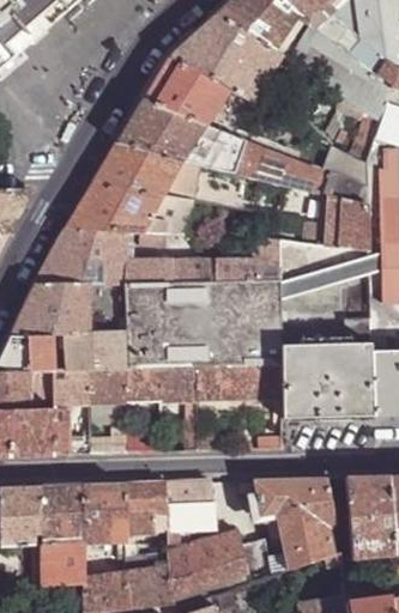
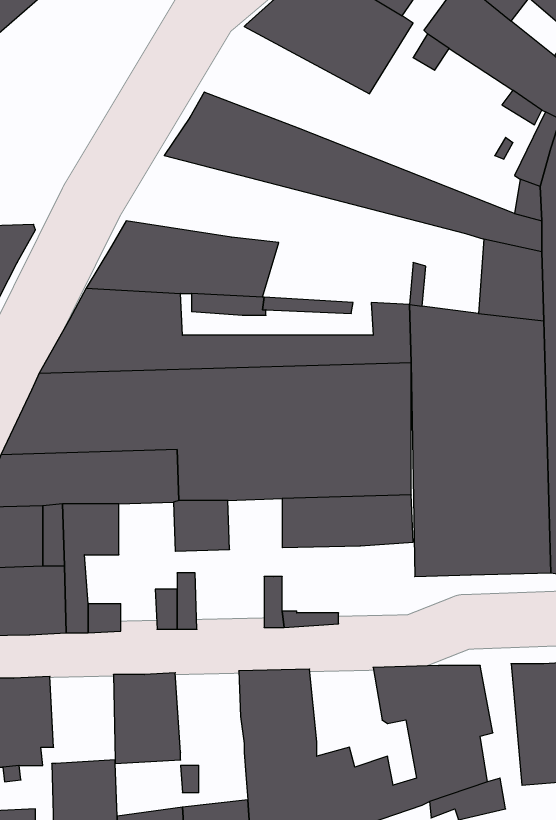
building: [143,56,256,127] -> none
building: [91,141,315,204] -> none
building: [158,368,194,401] -> none
building: [86,370,123,405] -> none
building: [123,481,167,535] -> none
building: [41,484,84,542] -> none

